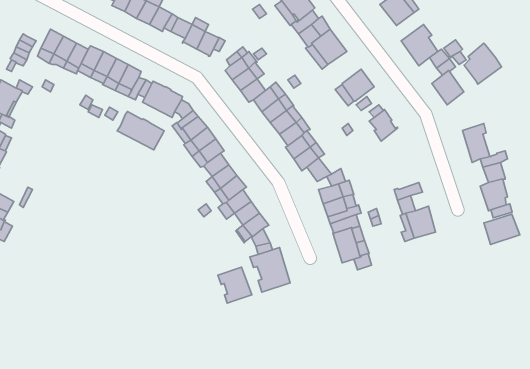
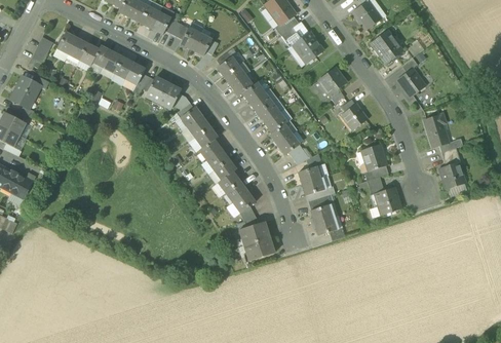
building: [464,43,501,84] -> none
building: [117,112,164,150] -> none
building: none -> [360,143,386,170]
building: [484,214,520,244] -> none
building: [218,267,252,303] -> none

